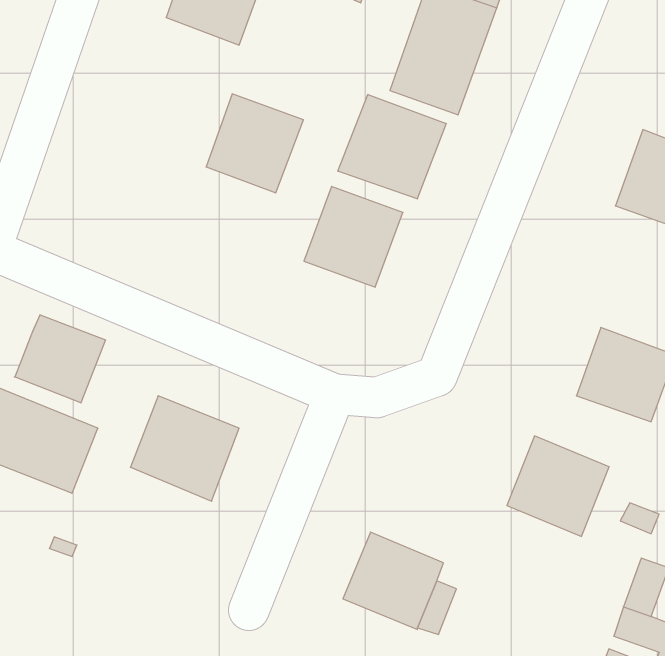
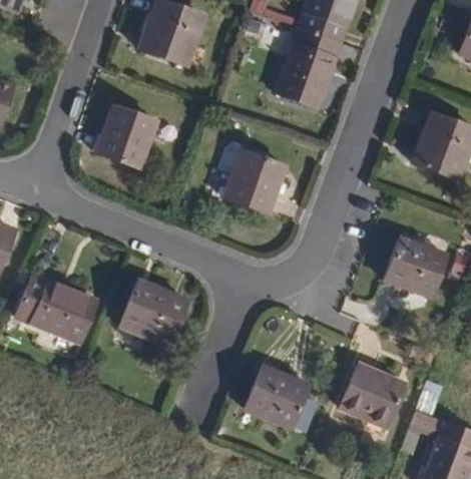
building: [206,94,303,193] -> [95,104,155,165]
building: [338,94,446,199] -> none
building: [14,315,106,403] -> none
building: [507,436,609,536] -> [343,363,406,425]

